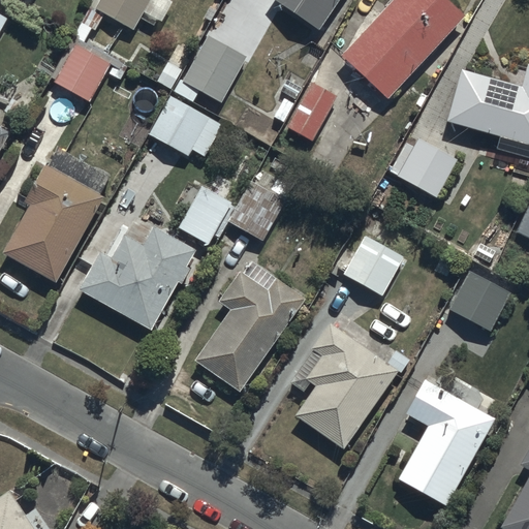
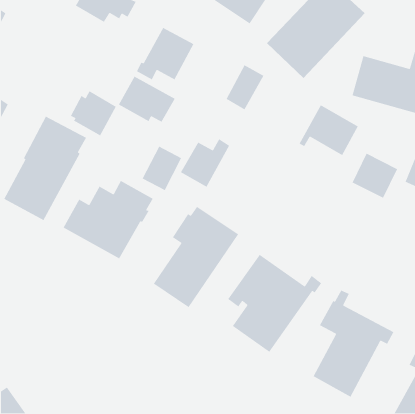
building: [52,42,112,101] -> [70,90,117,136]
building: [343,234,404,297] -> none
building: [450,272,509,331] -> [352,153,398,199]

